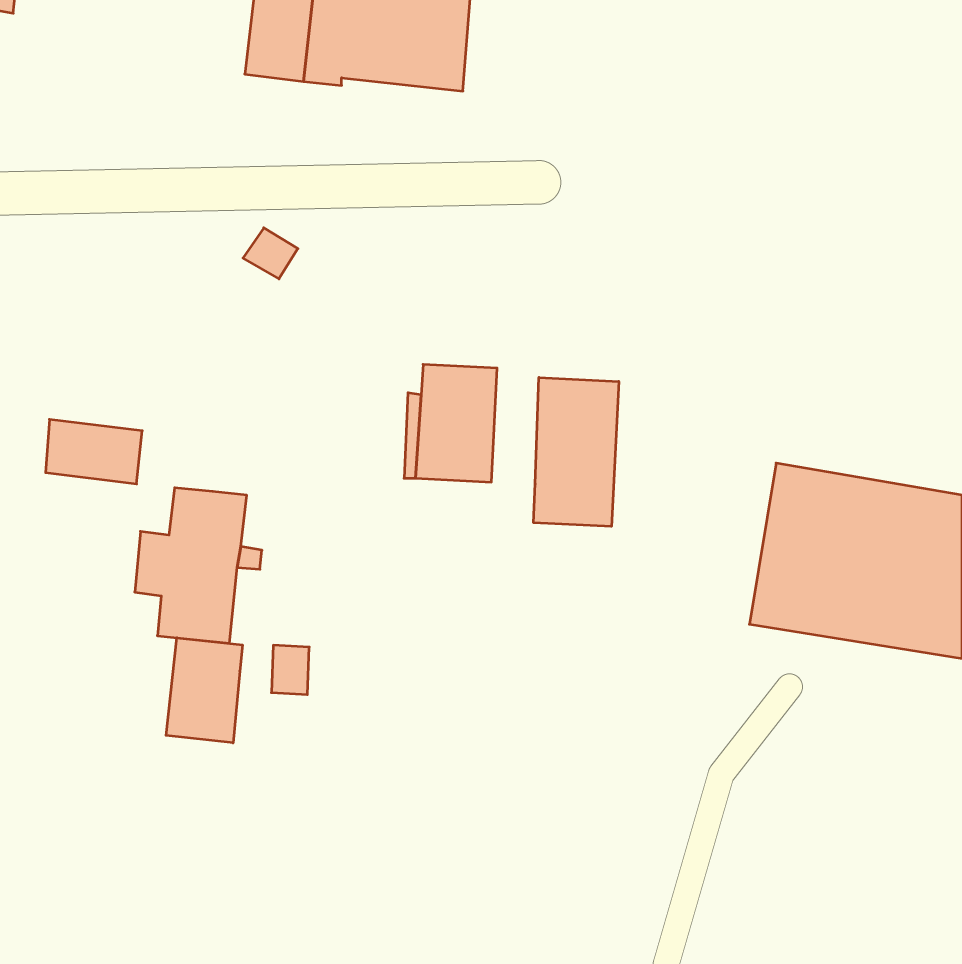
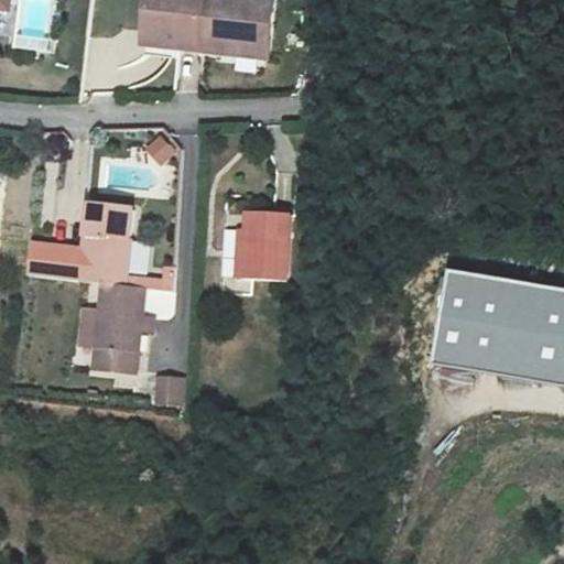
building: none -> [79,205,131,285]
building: [534,377,619,526] -> none
building: [166,638,242,743] -> none

